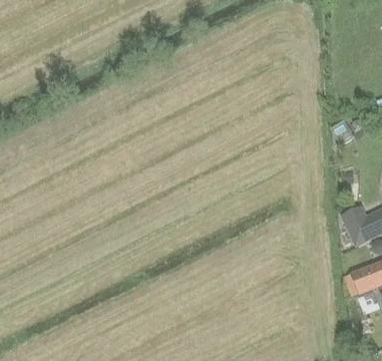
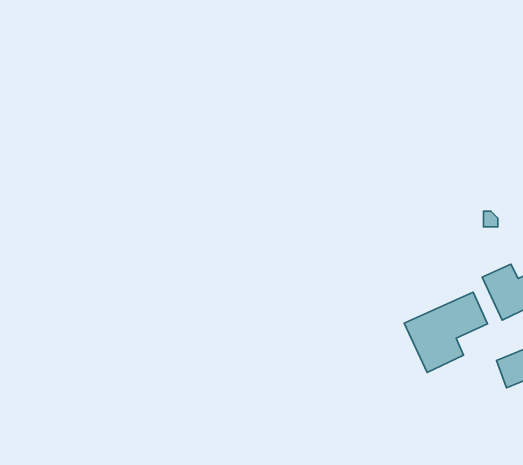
building: none -> [404,292,488,373]

